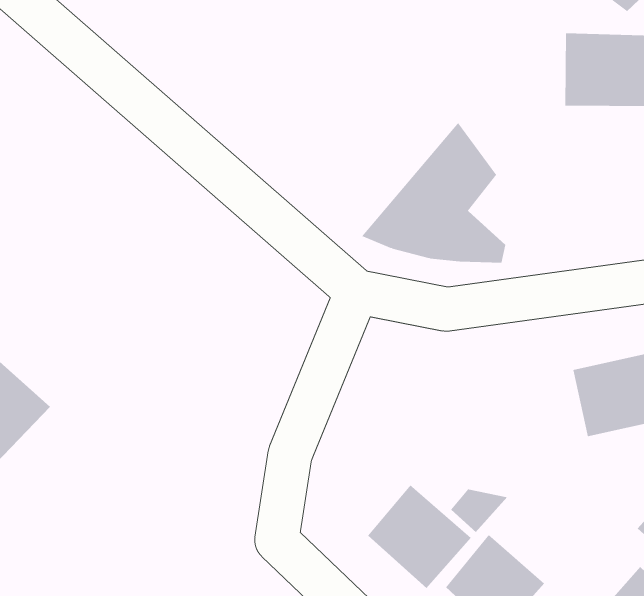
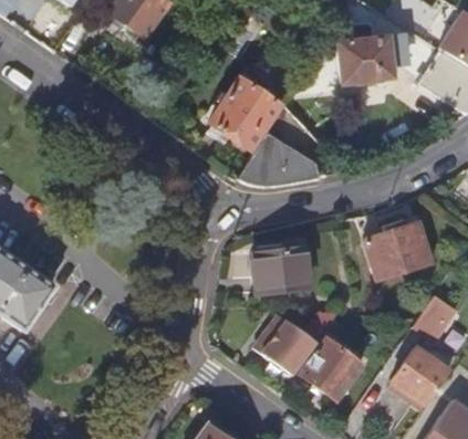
building: none -> [206,73,277,146]
building: none -> [249,248,308,297]

